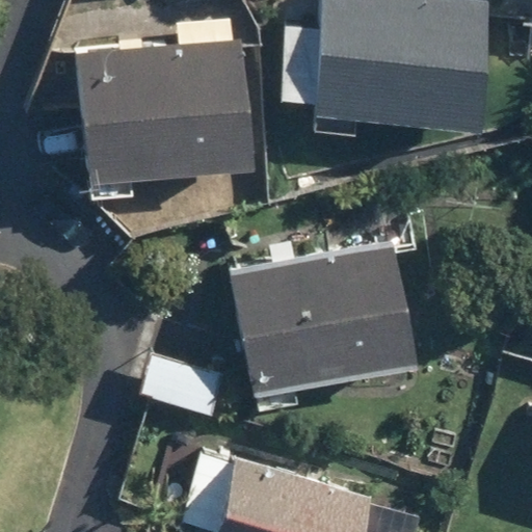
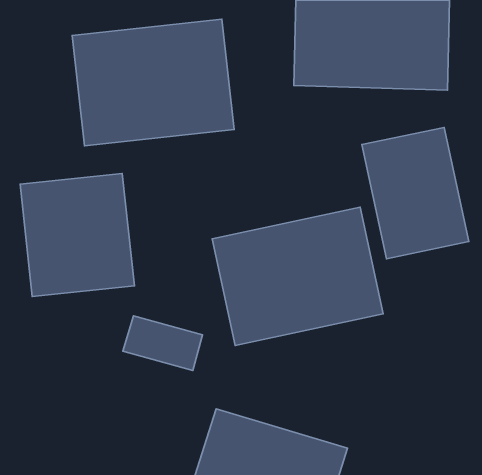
building: none -> [362,127,469,259]
building: none -> [20,173,135,296]

